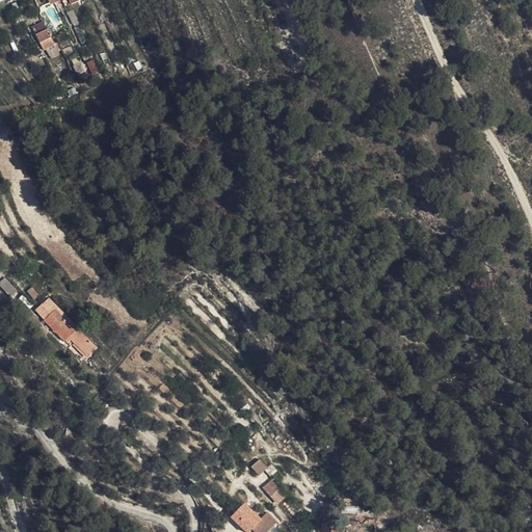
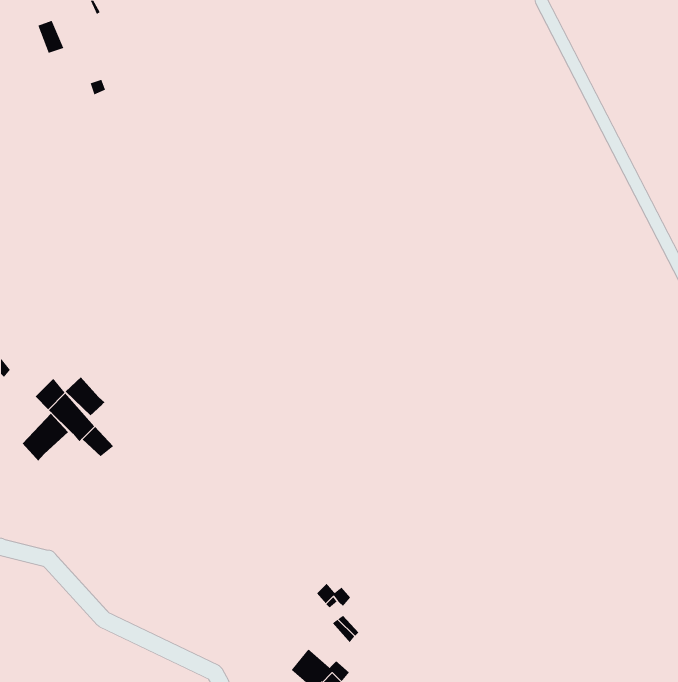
building: none -> [65,377,105,416]
building: none -> [22,413,69,462]

